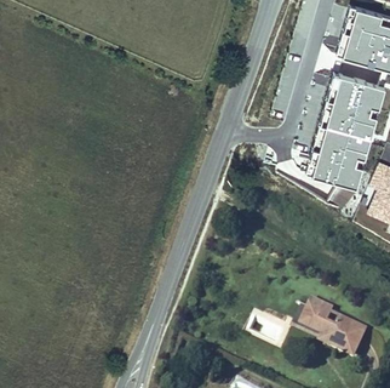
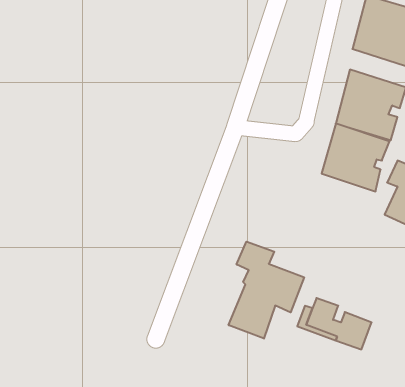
building: none -> [229,242,304,339]

